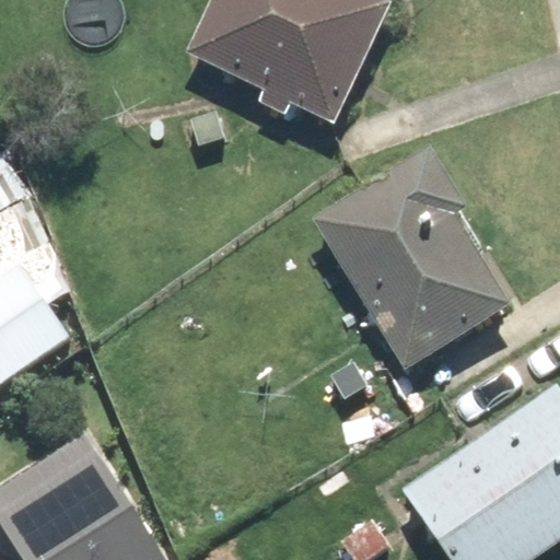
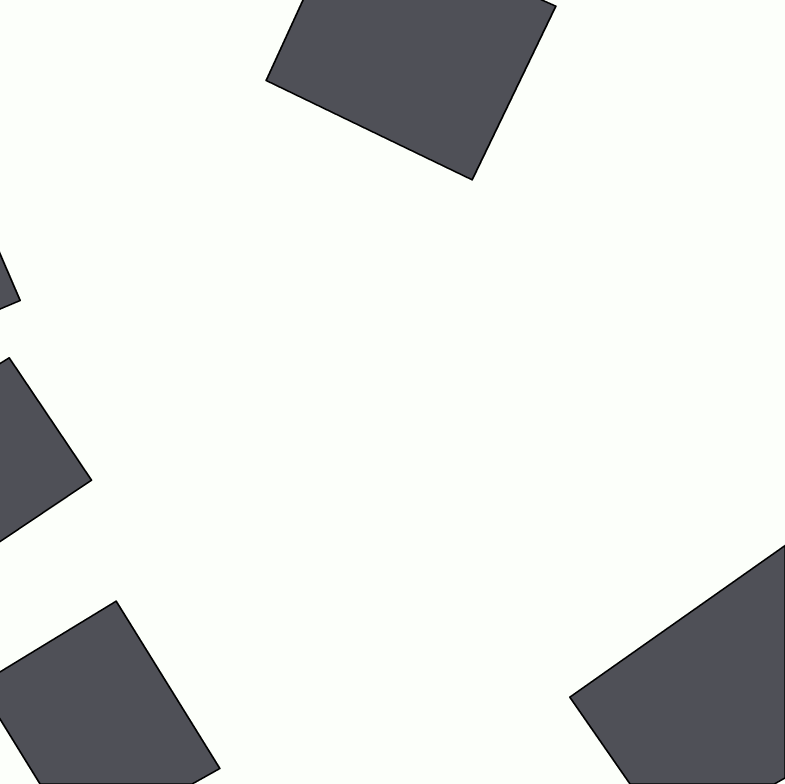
building: [317,151,509,369] -> none

